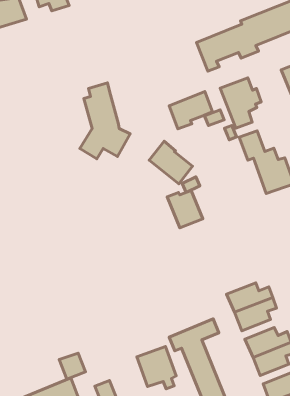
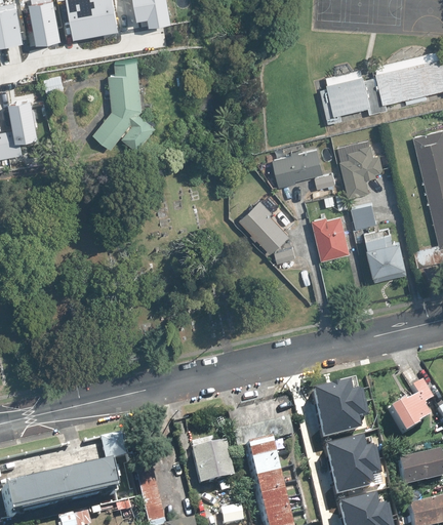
building: [80,83,130,159] -> [93,59,156,149]
building: [167,190,203,228] -> [312,215,350,257]

